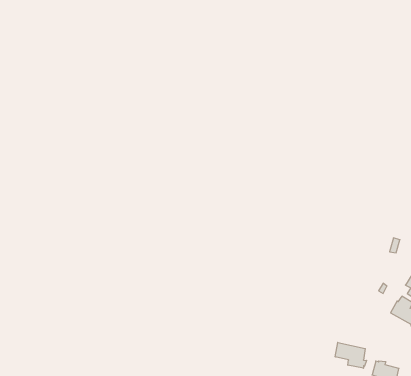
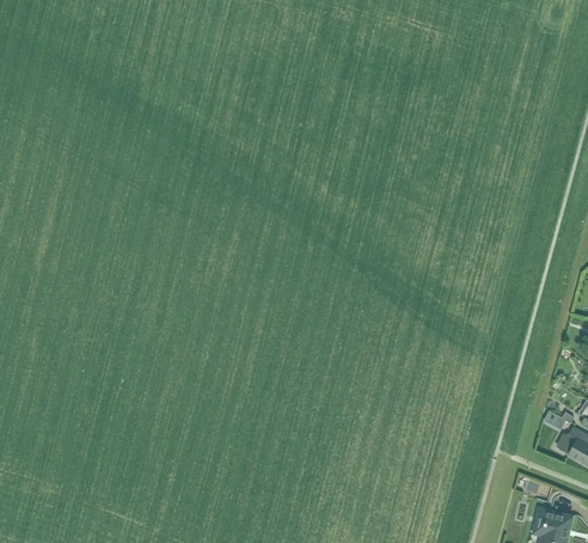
building: [335,342,367,368] -> none

